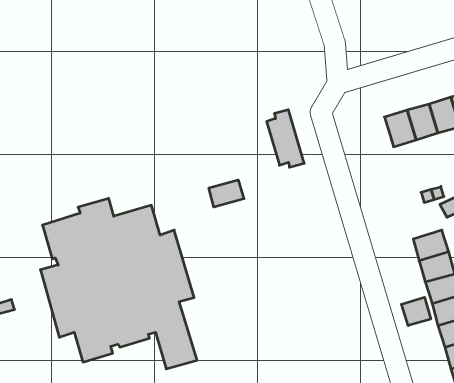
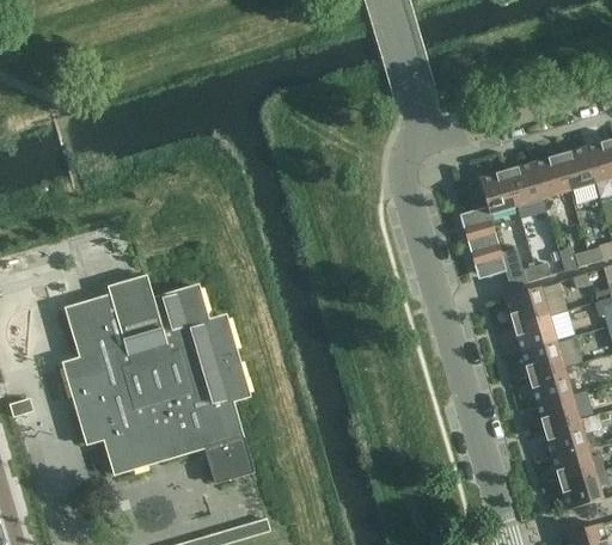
building: [267,110,304,167] -> [460,206,506,275]
building: [209,180,244,207] -> none
building: none -> [504,287,547,325]
building: [401,297,431,326] -> none

